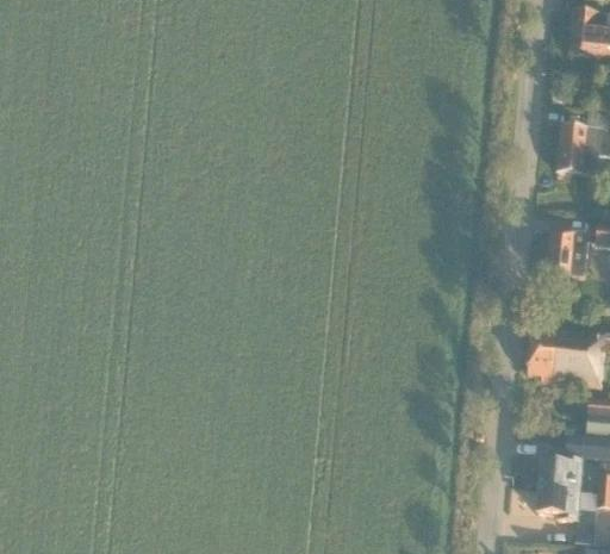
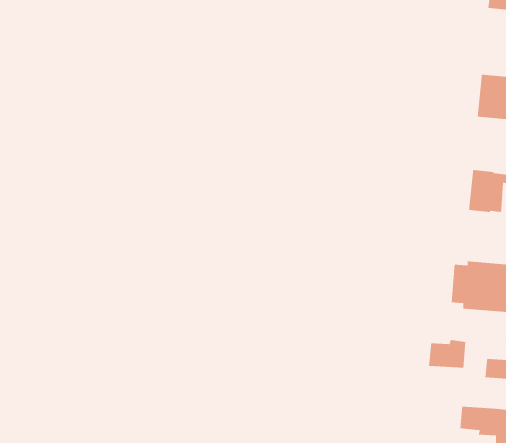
building: [552,455,593,487] -> [428,339,466,369]

